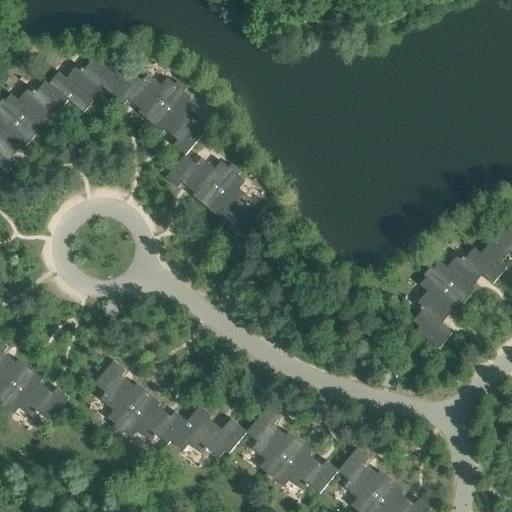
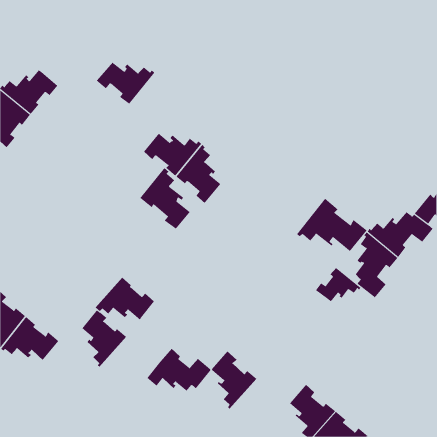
building: [49,58,126,112] -> none
building: [151,85,205,155] -> none
building: none -> [139,167,191,230]
building: none -> [296,198,368,252]
building: none -> [315,267,361,302]
building: [116,393,186,444] -> [95,277,155,320]
building: [268,442,338,492] -> none

